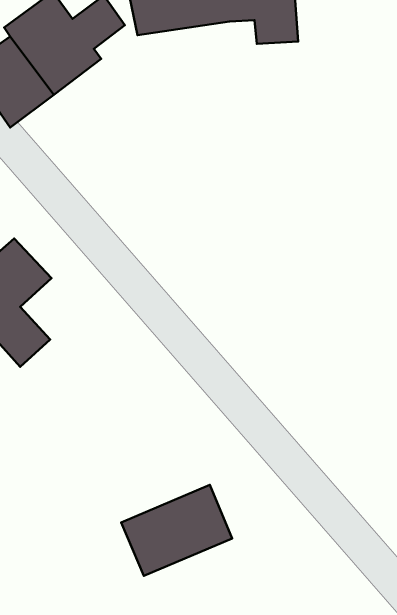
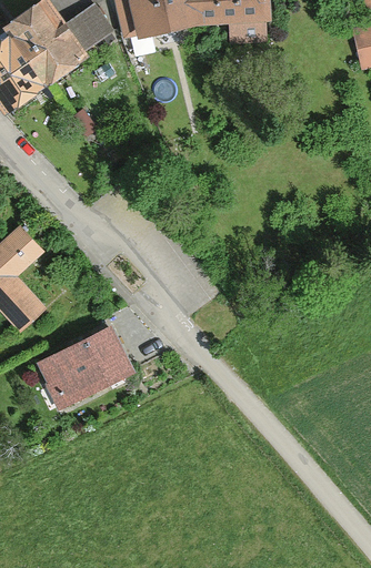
building: [121,485,232,576] -> [37,327,136,408]

